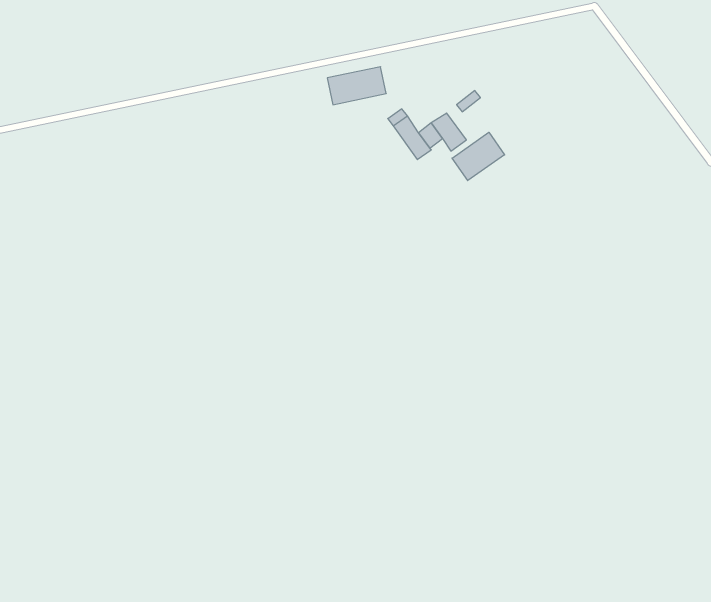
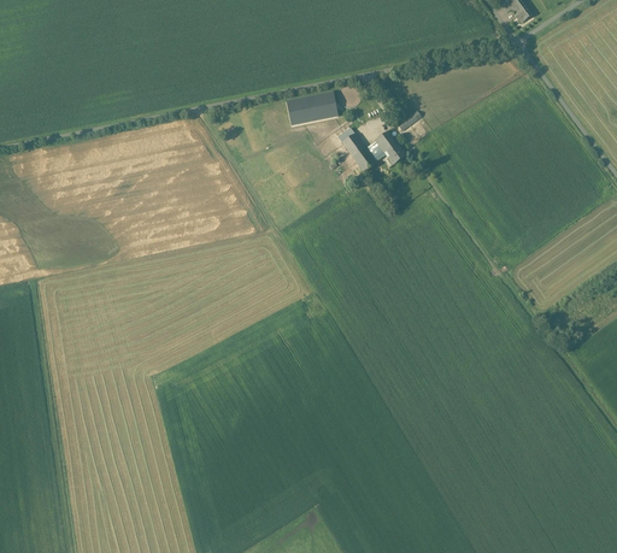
building: [452,132,505,181] -> none

